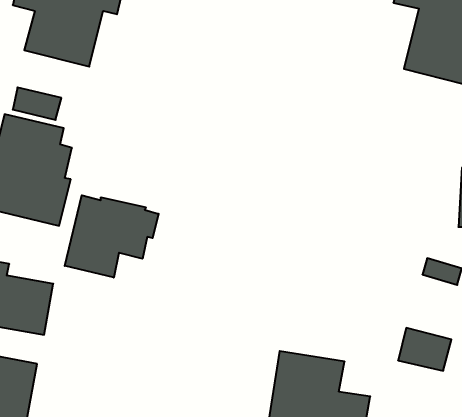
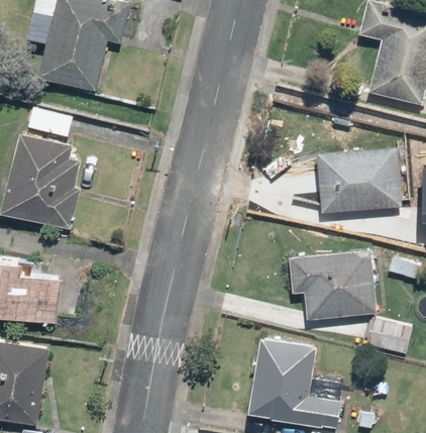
building: none -> [317,147,401,213]
building: [65,195,159,278] -> none
building: none -> [290,250,377,320]

